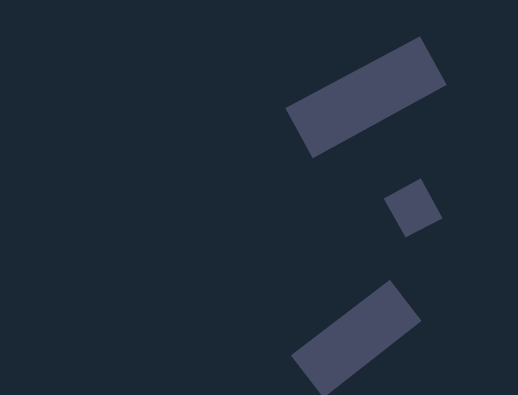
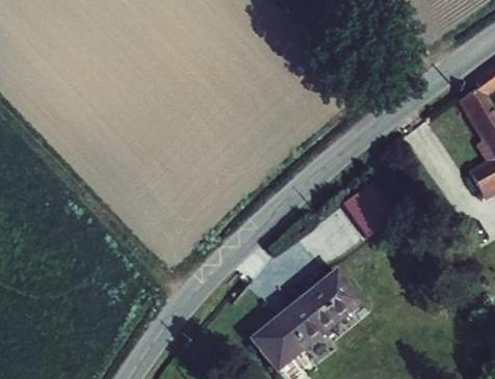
building: [284,35,448,159] -> none

